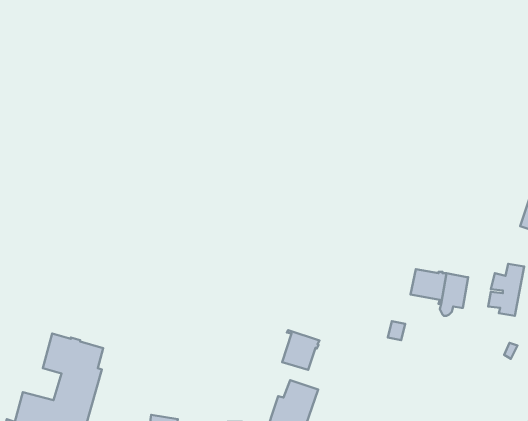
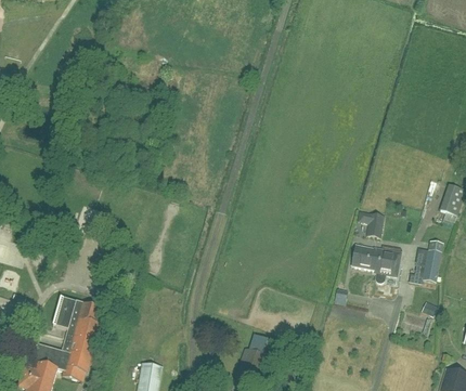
building: none -> [355,211,383,237]
building: [282,330,319,370] -> none

